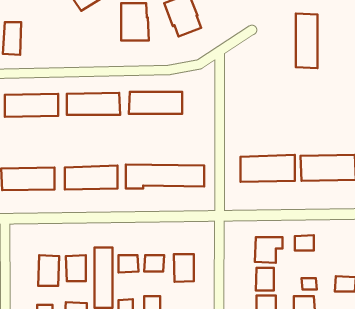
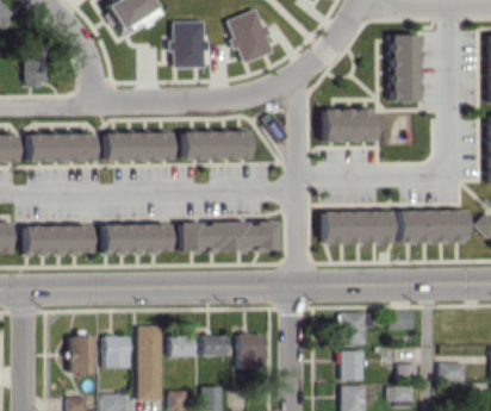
building: none -> [323,108,375,142]

